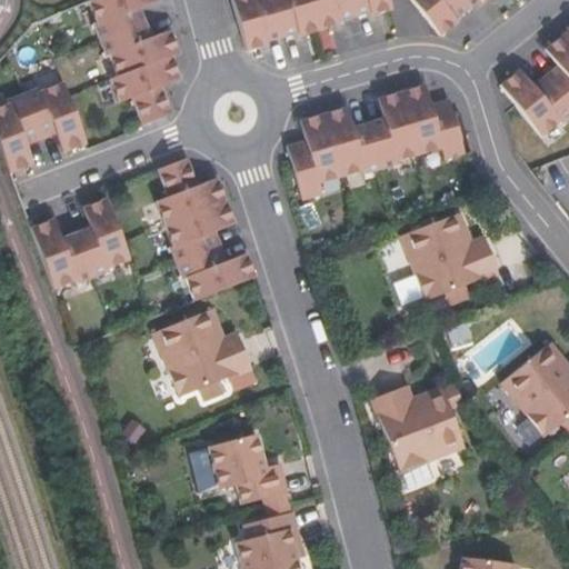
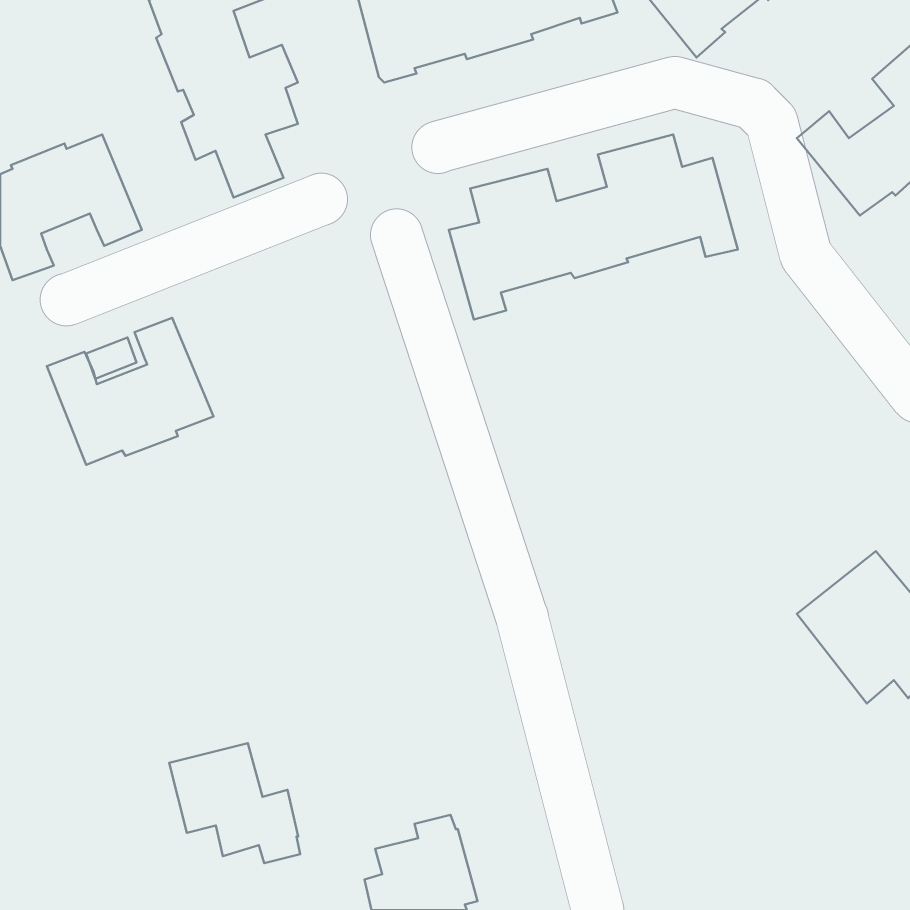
building: [164,154,266,297] -> none
building: [397,211,493,303] -> none
building: [160,307,260,399] -> none
building: [367,377,459,470] -> none
building: [202,436,283,510] -> [169,743,300,863]

